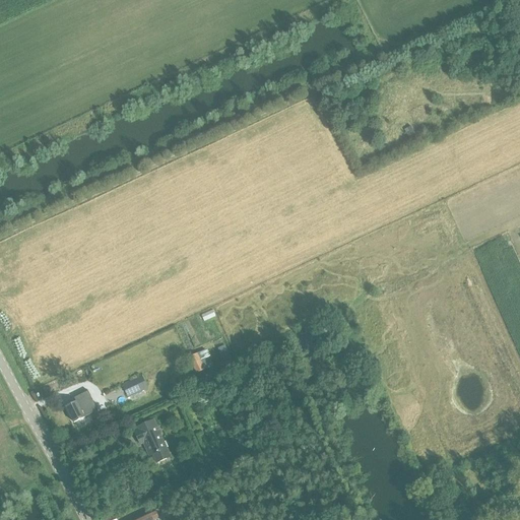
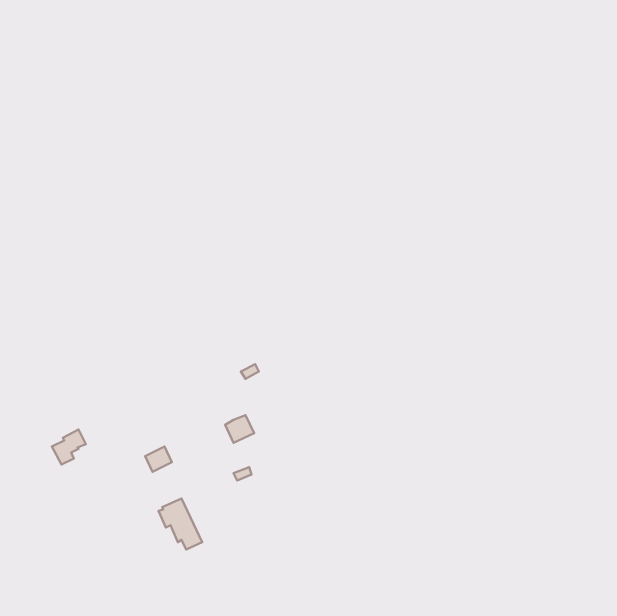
building: [65,391,93,420] -> [52,430,86,465]

